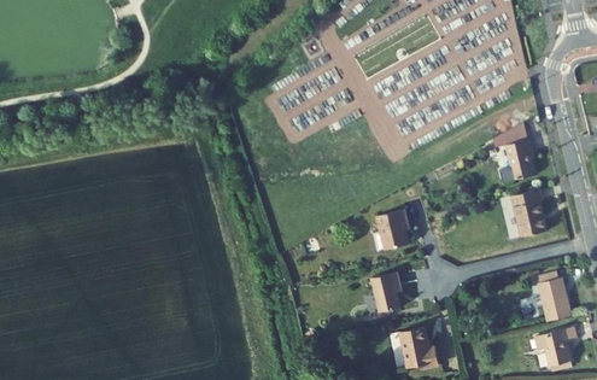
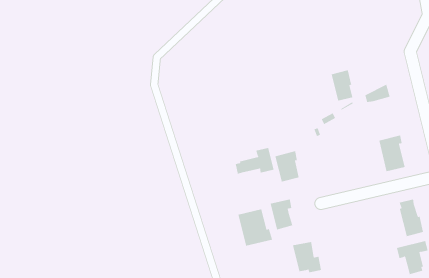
building: [505,139,534,180] -> [331,70,353,101]
building: none -> [235,147,274,174]
building: none -> [238,209,273,247]

